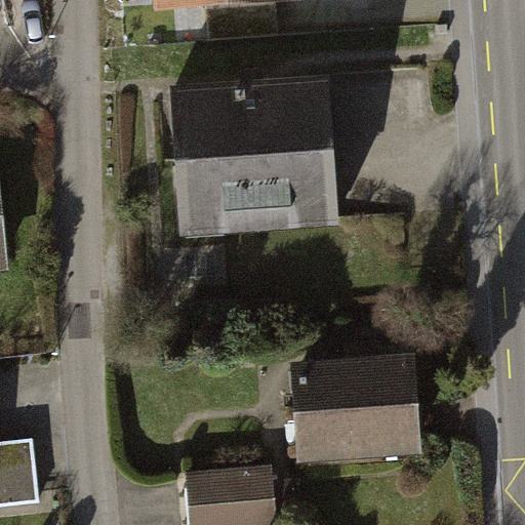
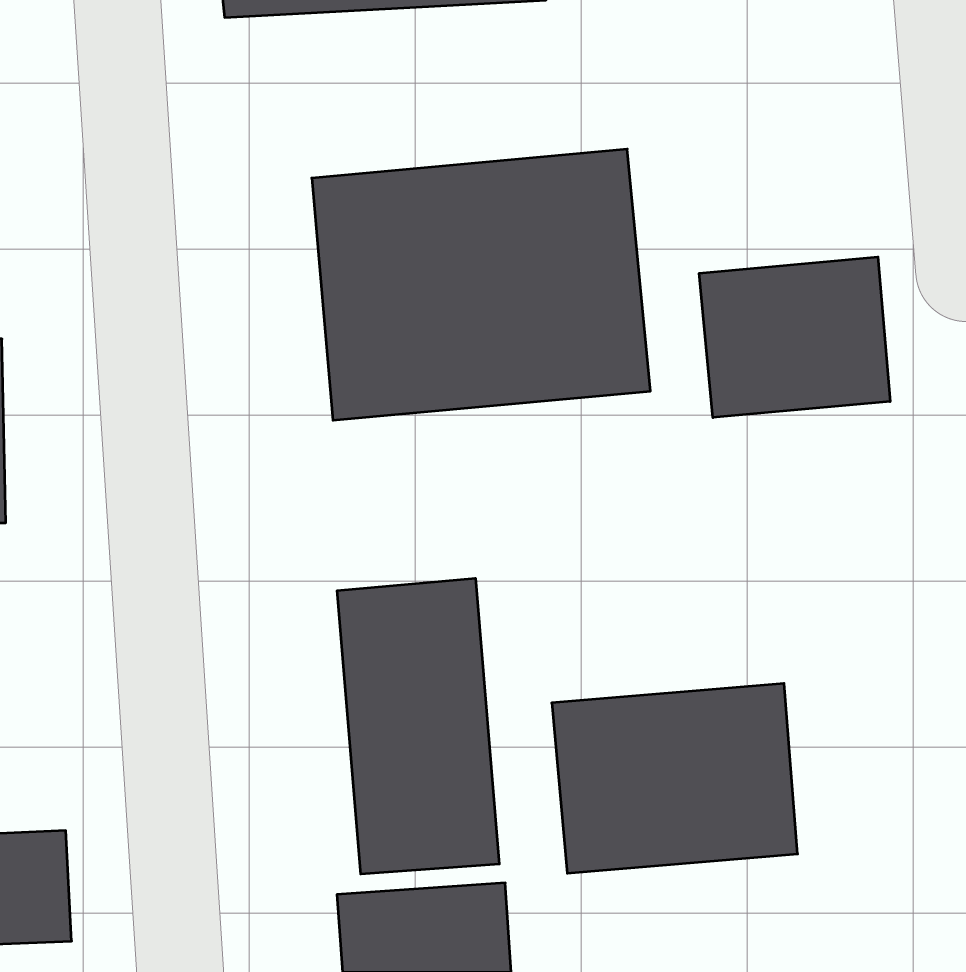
building: none -> [699,257,890,418]
building: none -> [337,578,499,874]

